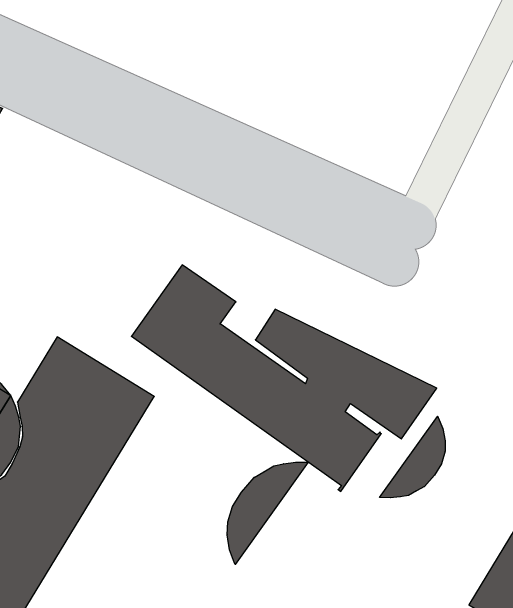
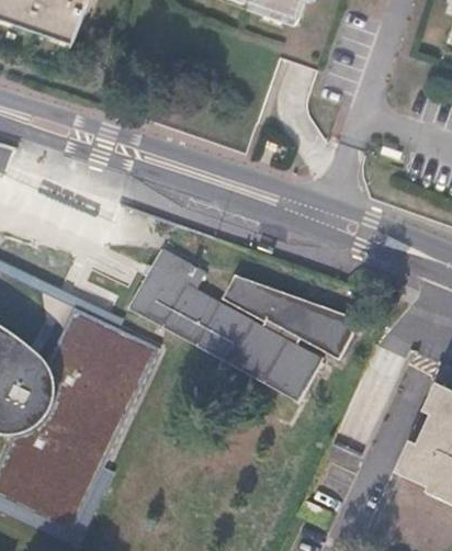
building: [380,416,445,498] -> none
building: [227,462,308,564] -> none

